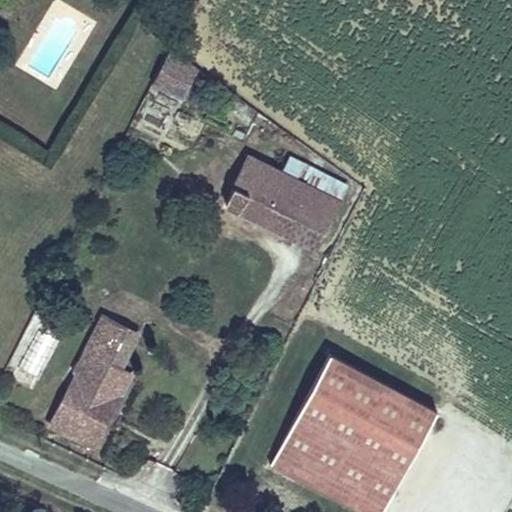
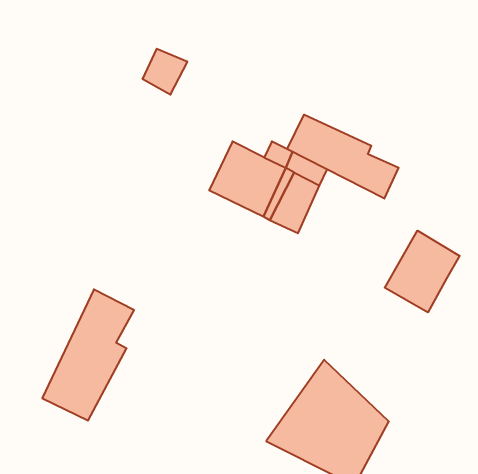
building: none -> [287,115,399,199]
building: none -> [385,231,460,312]
building: [268,353,438,476] -> none

